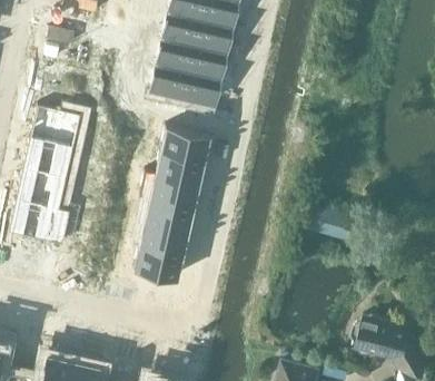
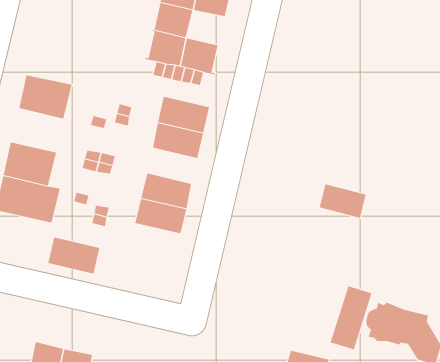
building: [188,45,227,78] -> none
building: [24,136,75,177] -> none
building: [140,169,199,206] -> none
building: [135,243,184,277] -> [47,237,100,274]
building: none -> [330,285,372,350]

